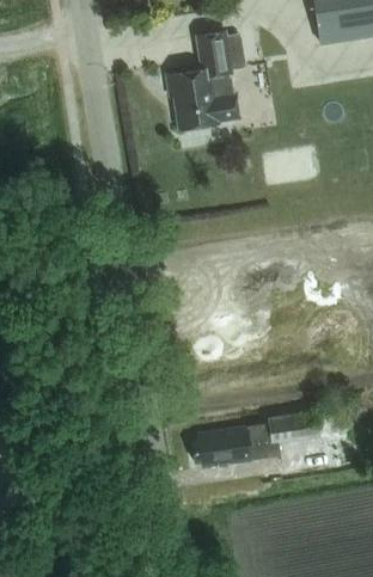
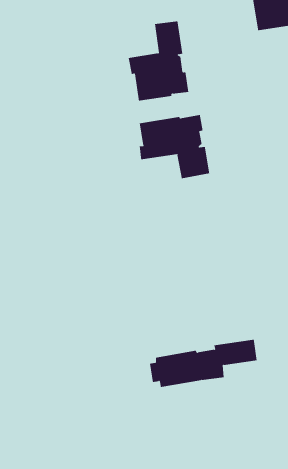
building: none -> [139,114,210,179]

